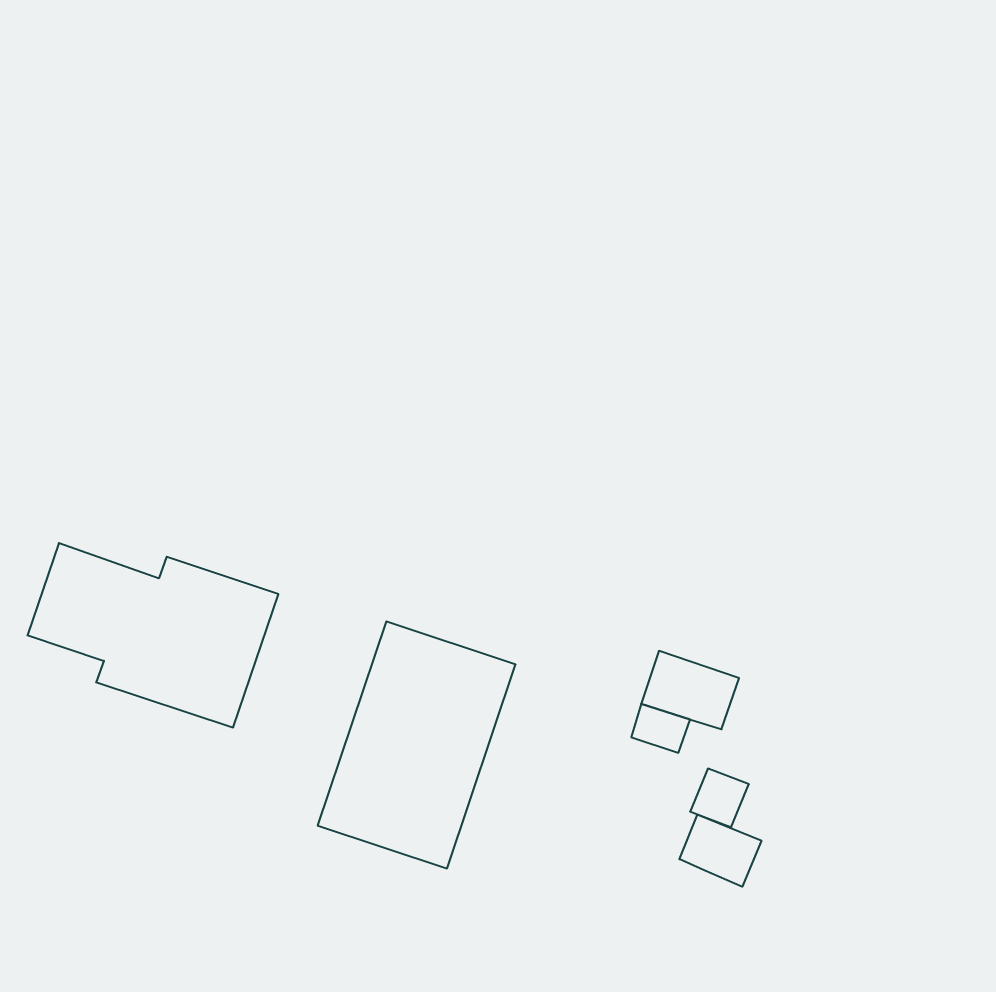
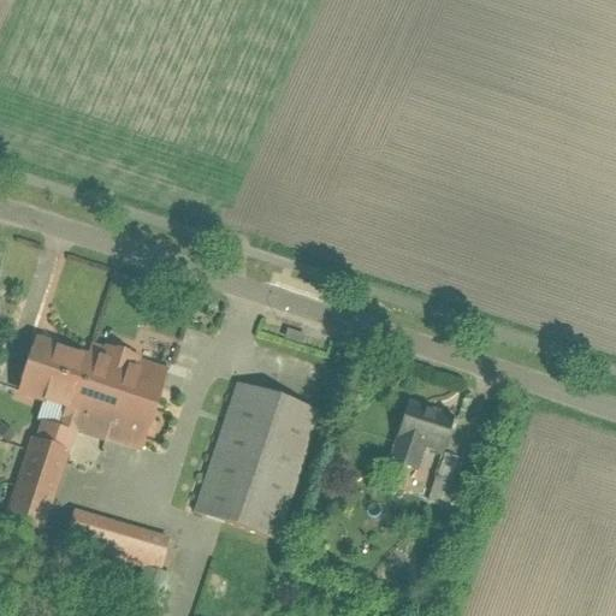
building: none -> [7,416,76,526]
building: [679,814,761,887] -> none
building: none -> [69,510,168,574]

